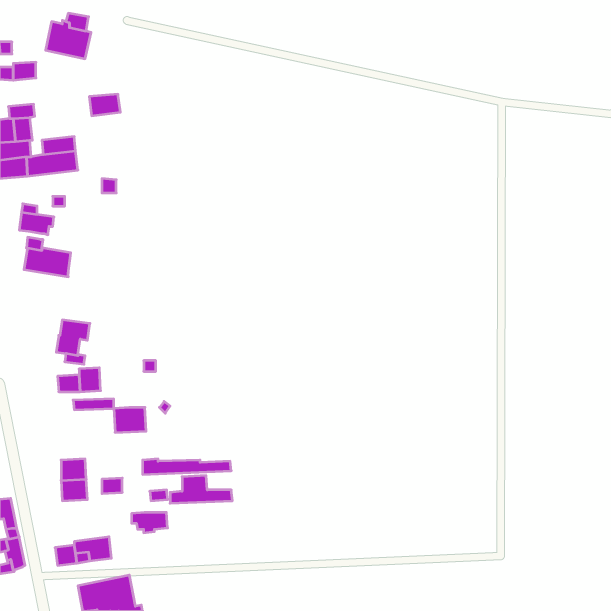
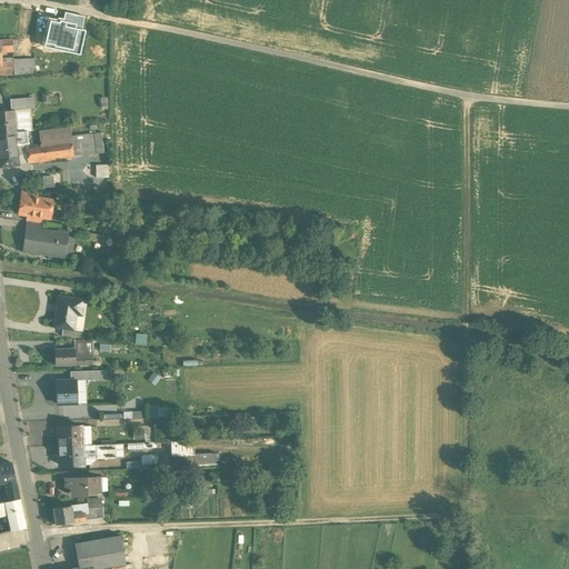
building: [89,94,120,116] -> [70,138,99,158]
building: [114,407,146,432] -> [54,380,84,403]
building: [132,512,168,533] -> [64,477,98,496]

